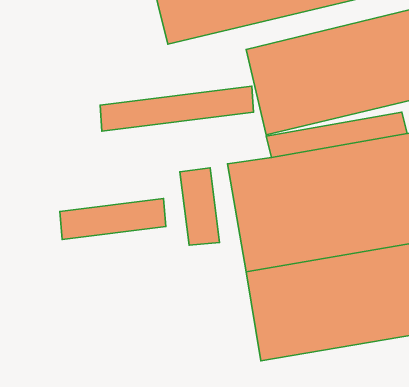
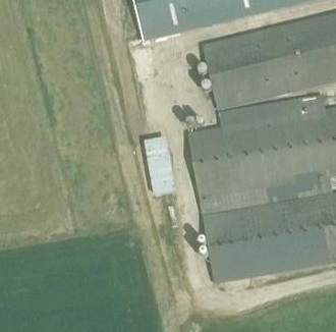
building: [100,86,253,131] -> none
building: [60,198,166,239] -> none

